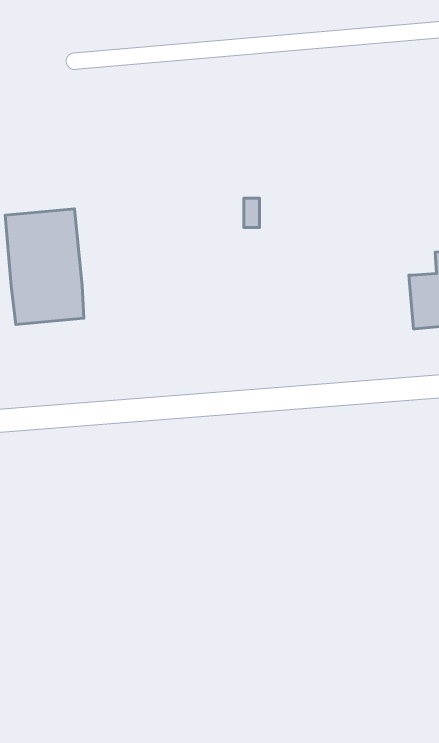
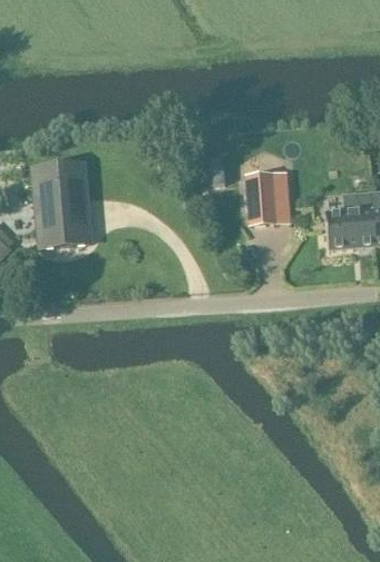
building: none -> [246,171,276,225]

